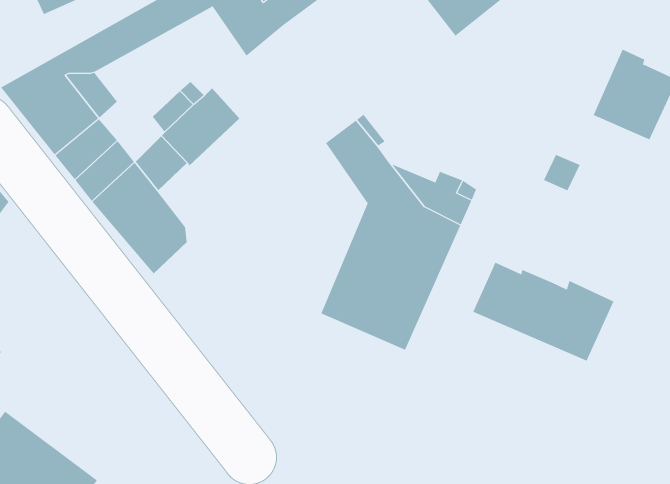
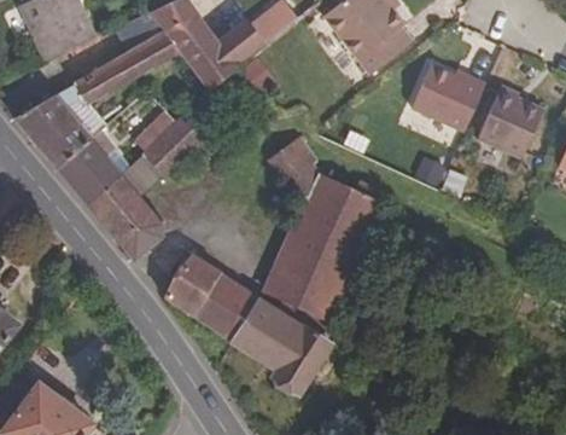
building: none -> [410,64,484,130]
building: [473,262,614,362] -> none
building: none -> [164,256,327,394]

